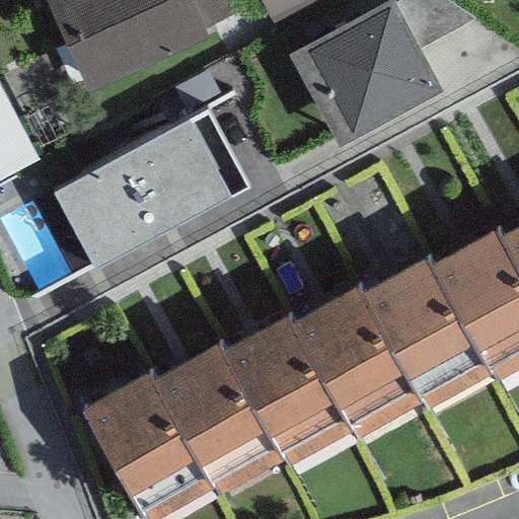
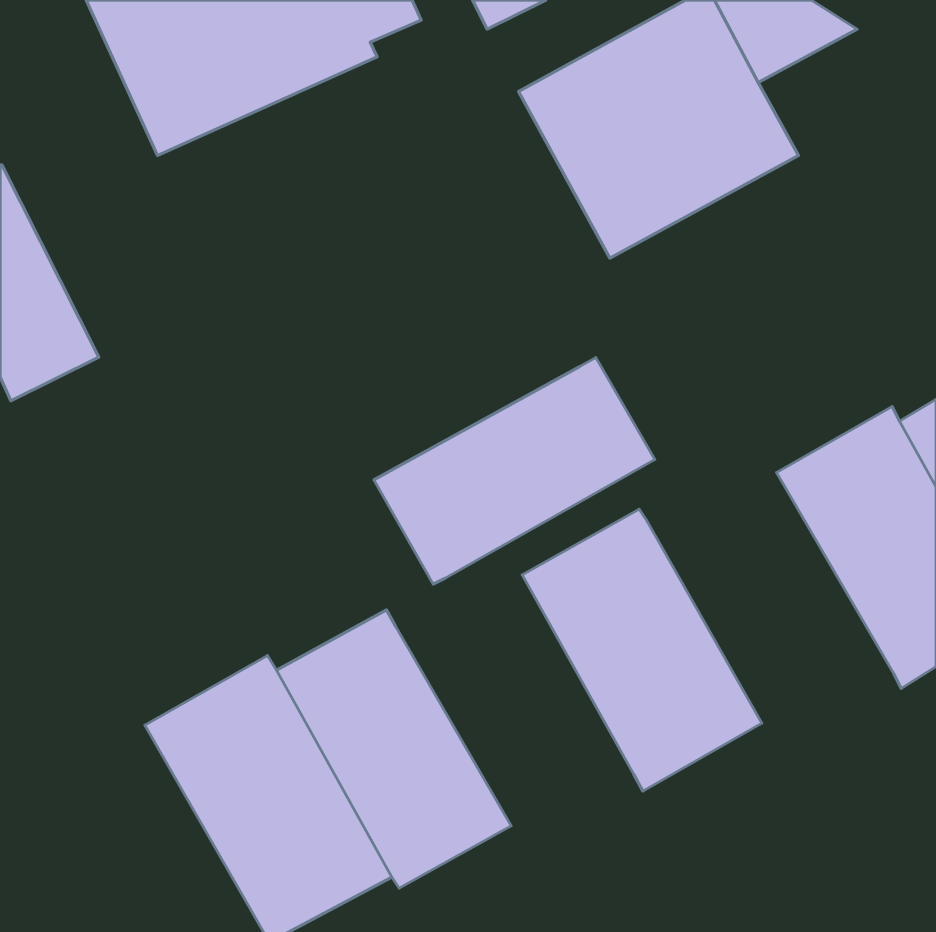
building: [61,105,282,280] -> none
building: none -> [374,358,655,584]
building: [358,252,495,413] -> none
building: [219,311,351,467] -> none

